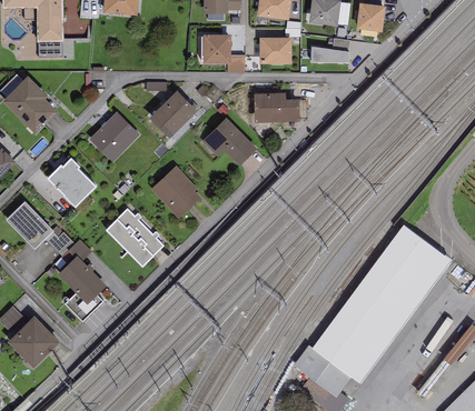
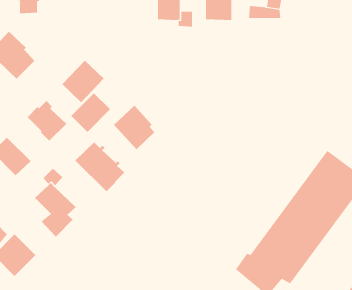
building: [149,91,197,139] -> [70,92,111,133]
building: [254,92,299,122] -> none
building: [202,118,256,166] -> none

